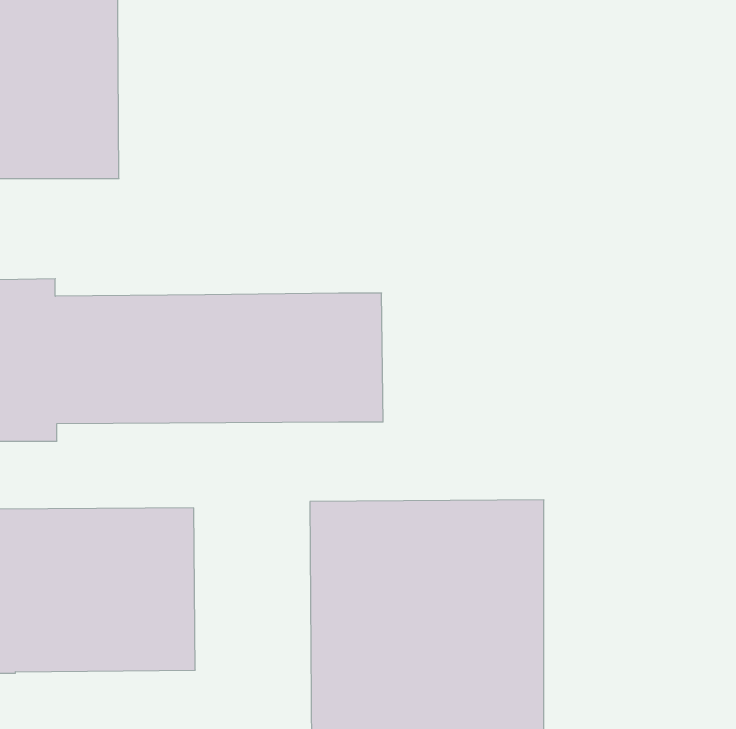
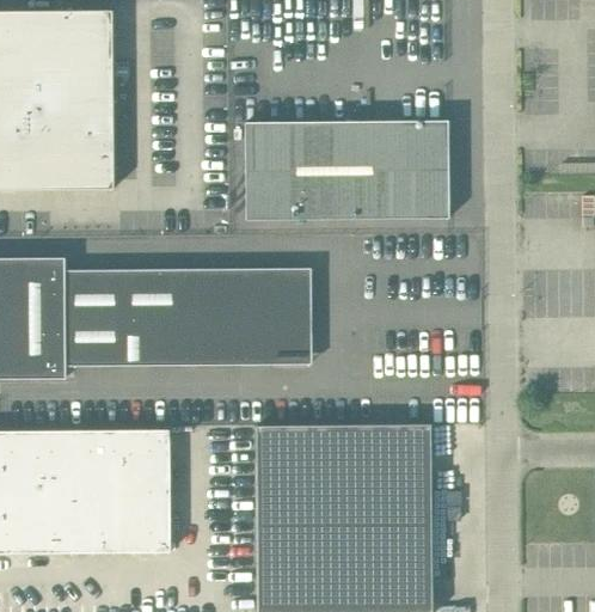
building: none -> [245,121,448,220]

